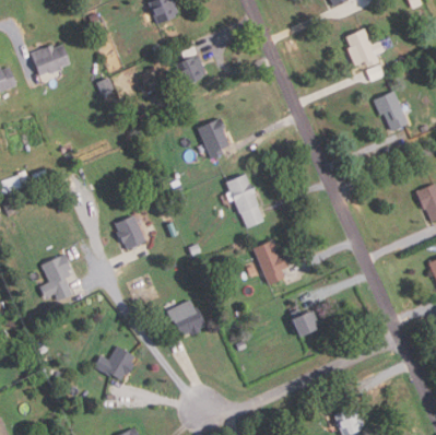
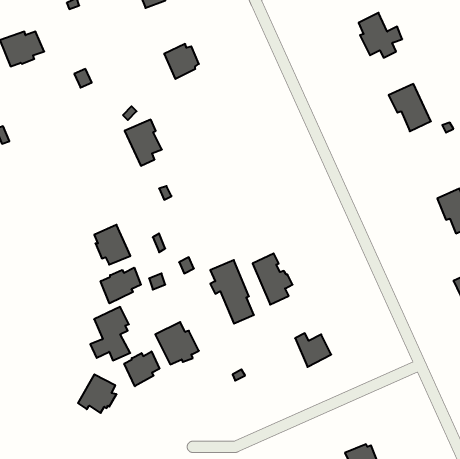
building: [197,118,229,158] -> [125,120,162,166]
building: [225,173,263,228] -> [210,260,254,324]
building: none -> [101,268,141,303]
building: [37,254,72,301] -> [90,307,130,360]
building: none -> [124,351,159,386]

